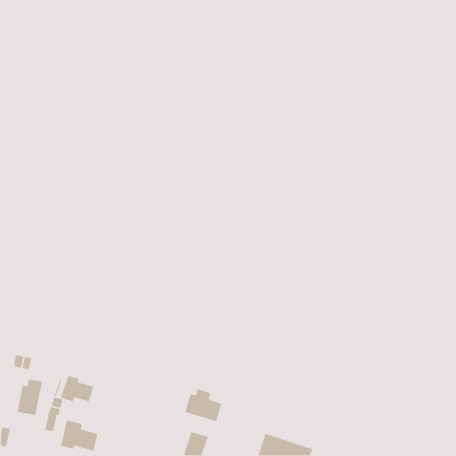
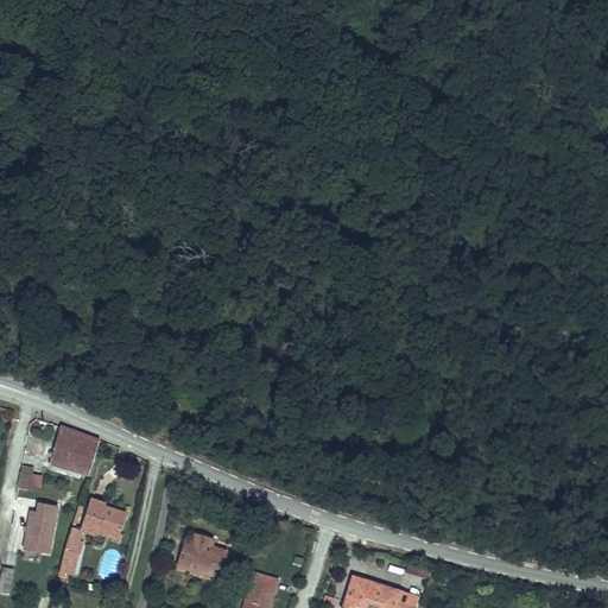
building: none -> [50,426,100,475]
building: [185,388,222,422] -> [177,532,227,577]
building: [60,419,98,452] -> none

